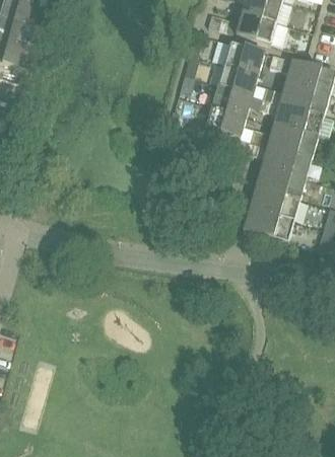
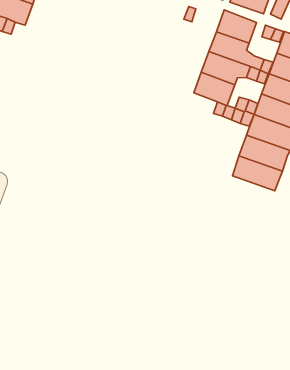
building: [244,206,293,240] -> none

